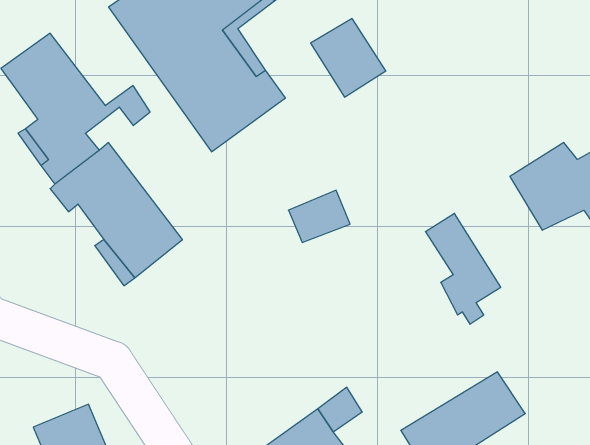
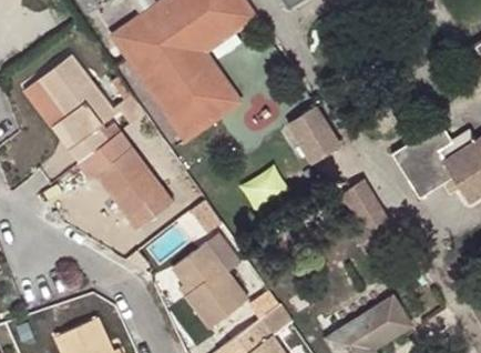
building: [311,19,386,97] -> [286,107,340,163]
building: none -> [175,245,252,332]

